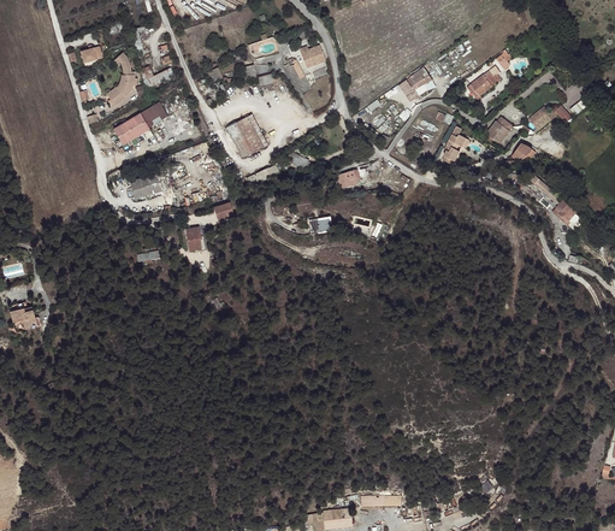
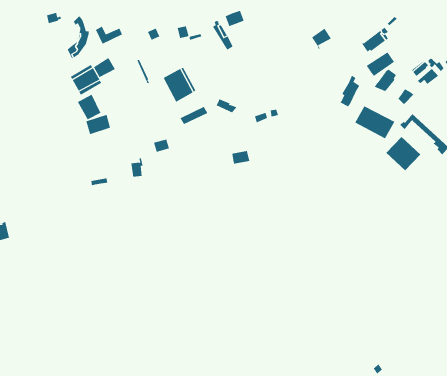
building: none -> [366,51,395,77]
building: none -> [77,94,101,120]
building: none -> [354,105,395,139]
building: none -> [385,136,421,171]

